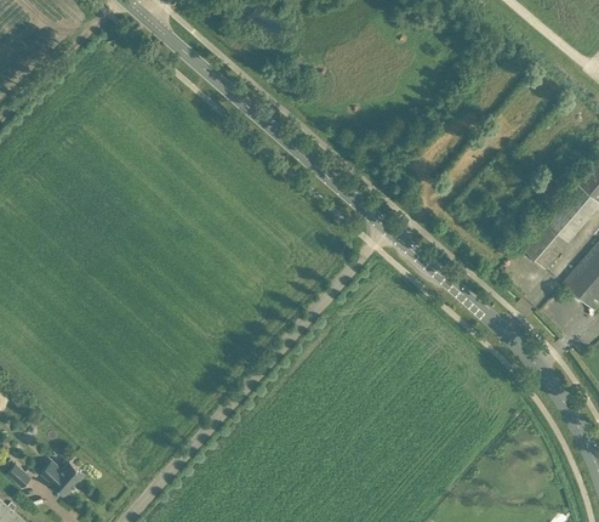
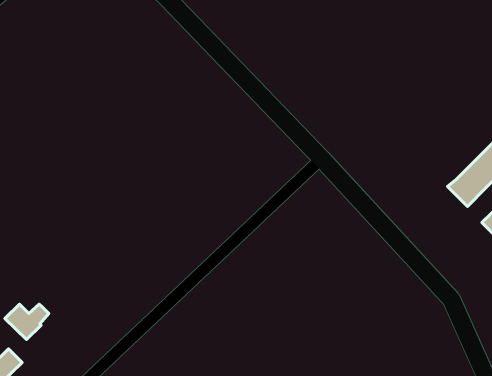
building: none -> [5,304,49,340]

